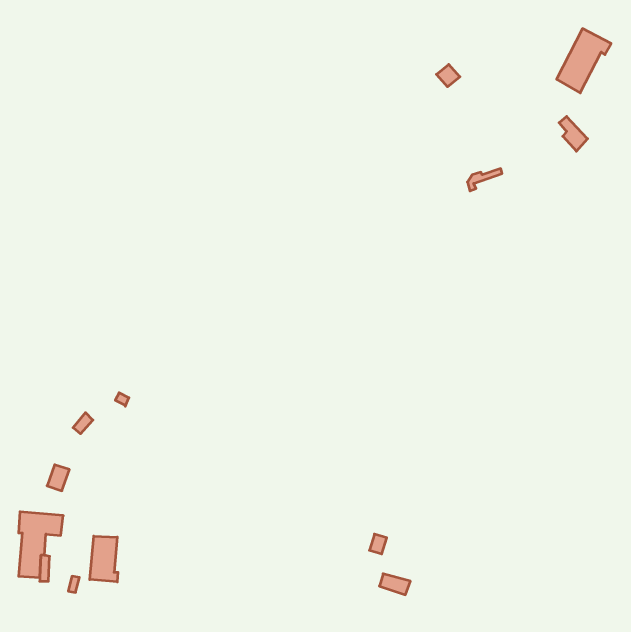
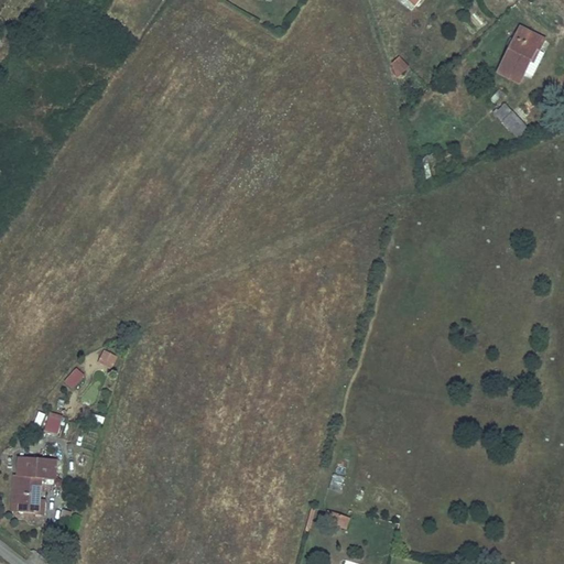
building: [90,536,118,582] -> none

